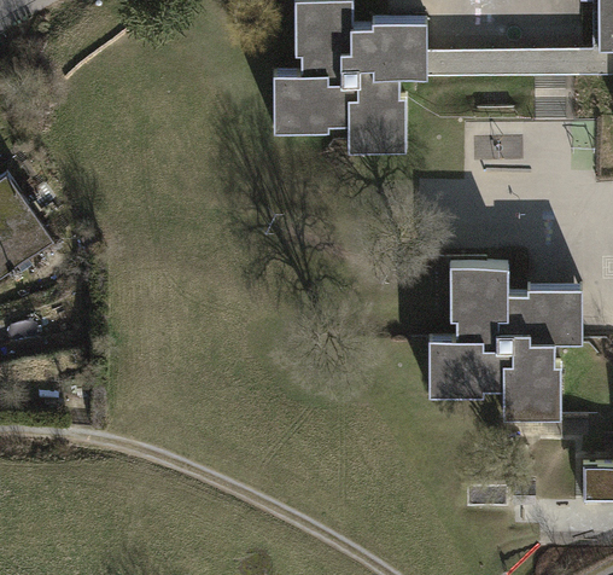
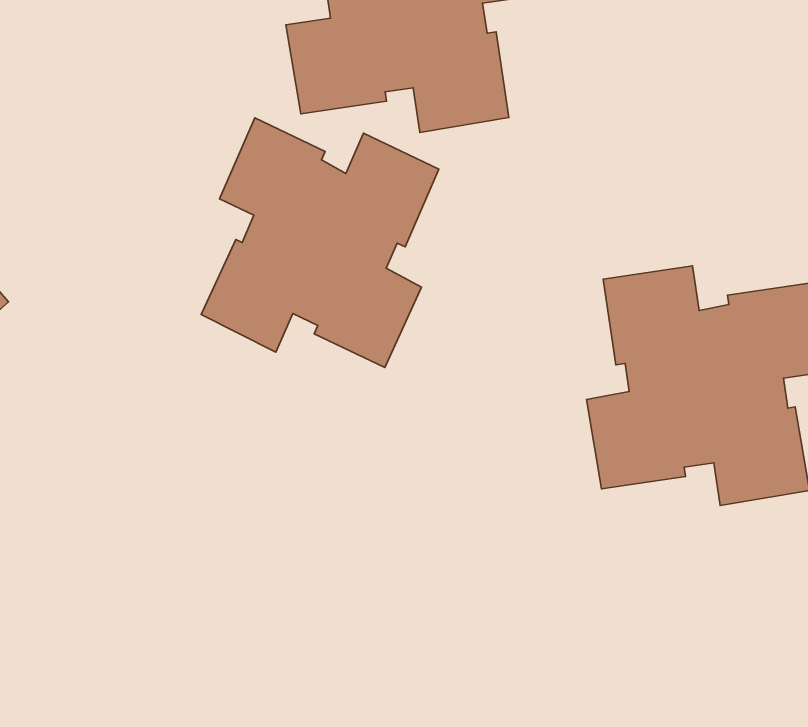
building: none -> [201,118,439,368]

